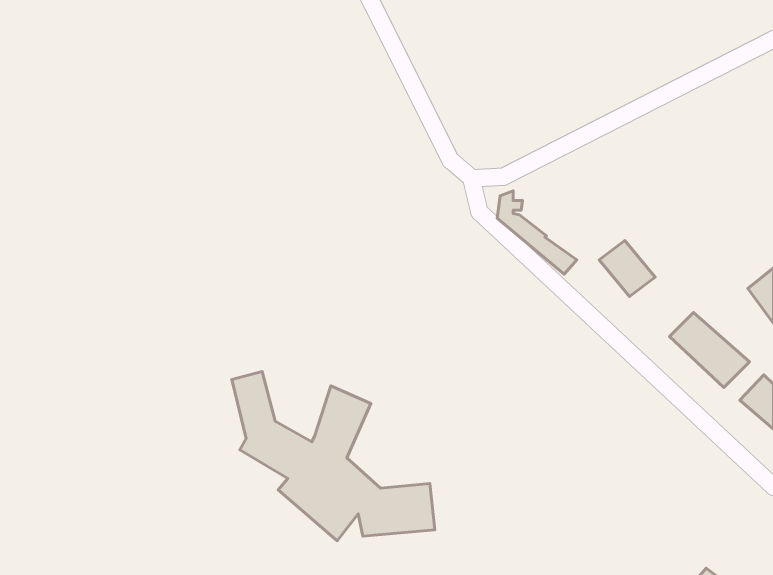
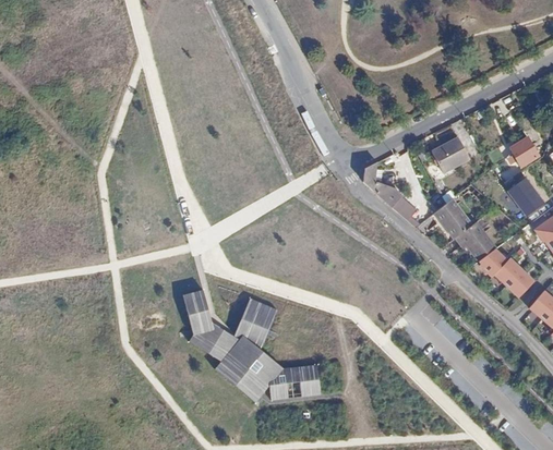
building: none -> [434,136,471,171]
building: none -> [508,137,540,168]
building: none -> [507,178,544,214]
building: none -> [457,222,494,262]

